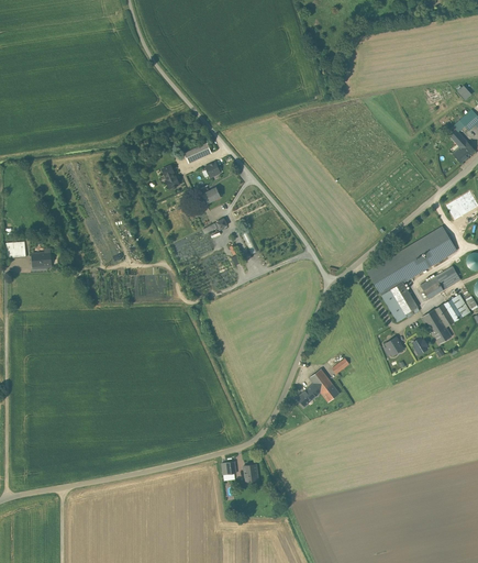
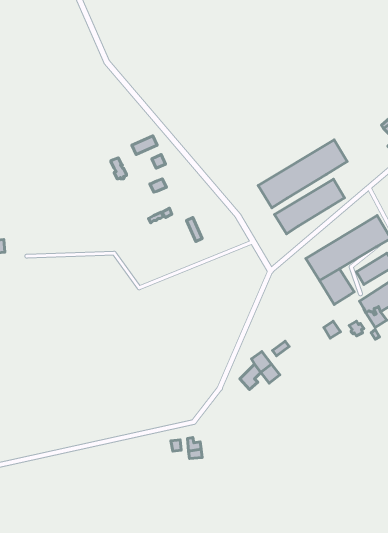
building: none -> [258,140,347,208]
building: none -> [275,179,344,234]

